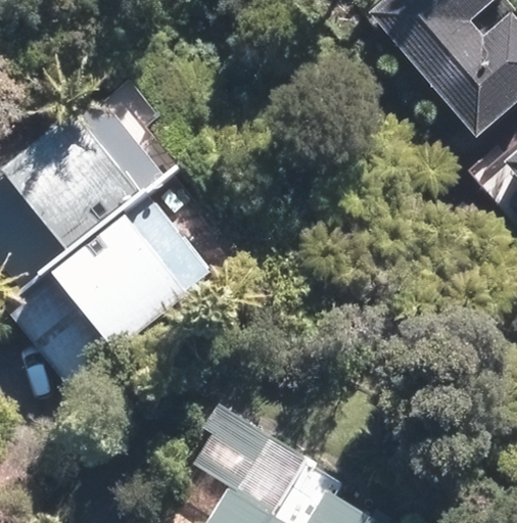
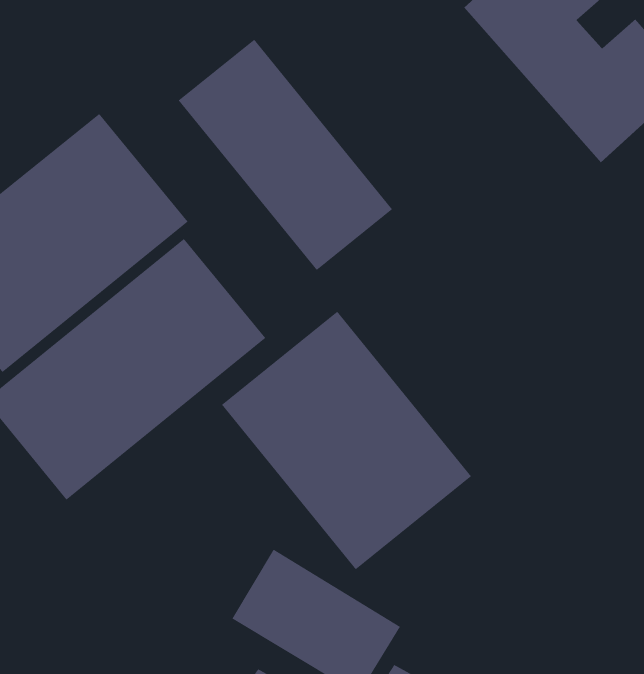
building: none -> [178,39,393,271]
building: none -> [221,311,472,570]

